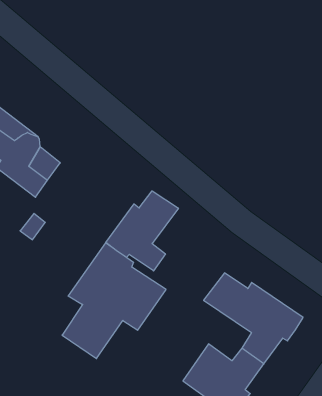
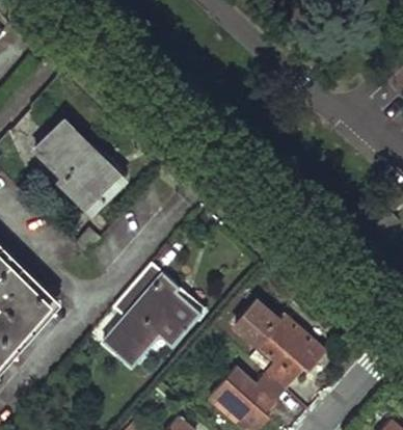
building: [106,191,178,271] -> none

